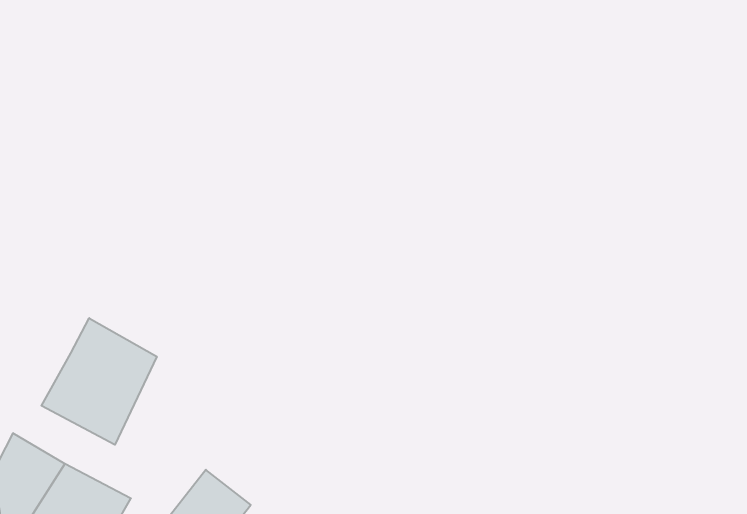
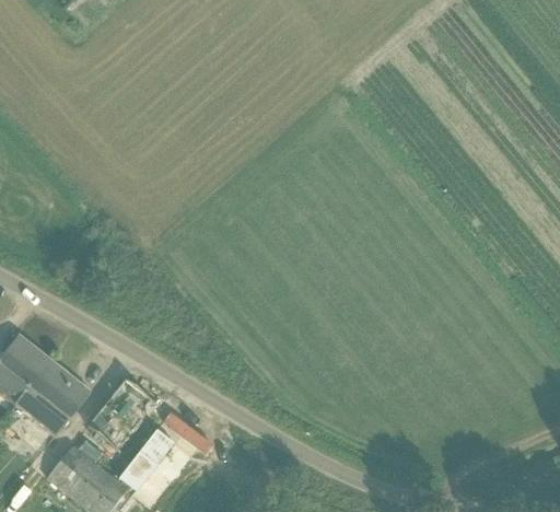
building: [41,318,157,445] -> none

